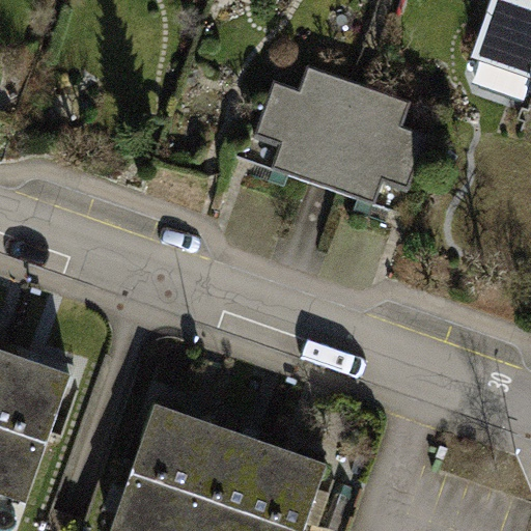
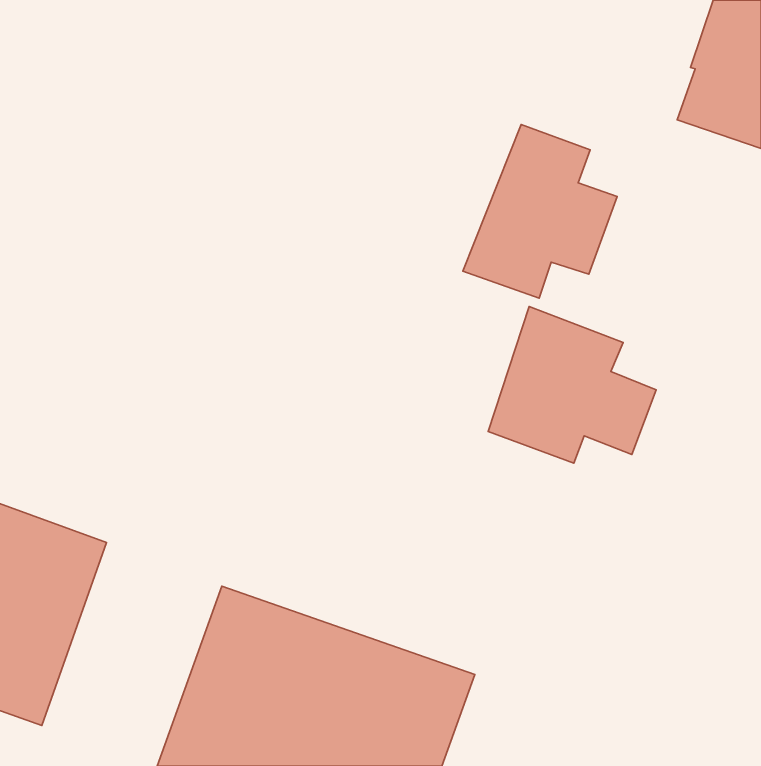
building: [253,67,361,188] -> none
building: none -> [488,307,656,463]

